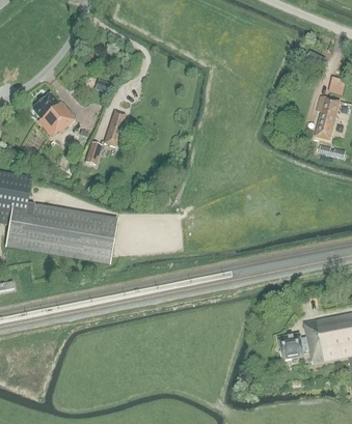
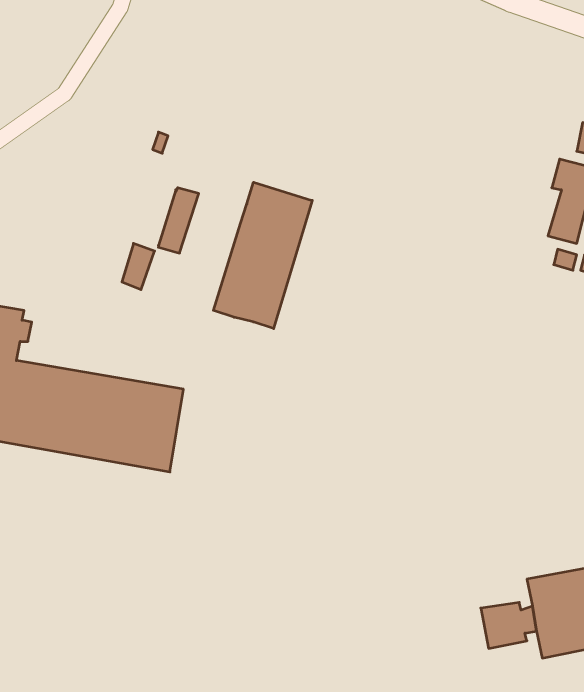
building: [31,92,75,136] -> none
building: none -> [213,182,312,329]

